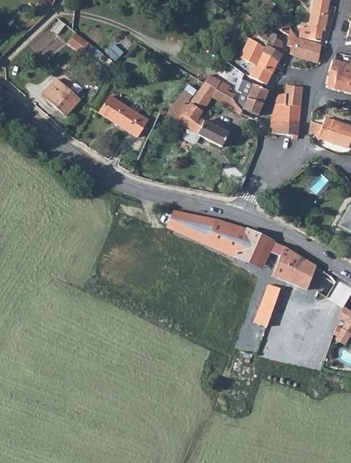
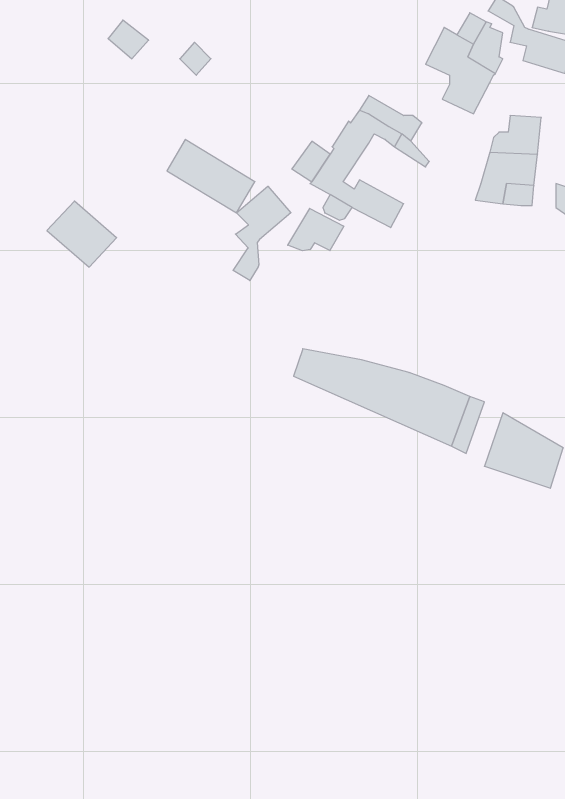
building: [42,77,80,113] -> [47,201,117,267]
building: [237,79,268,114] -> none
building: none -> [233,186,291,281]
building: none -> [288,208,344,251]
building: [258,284,281,319] -> none

